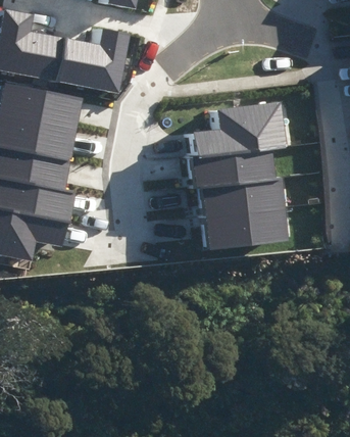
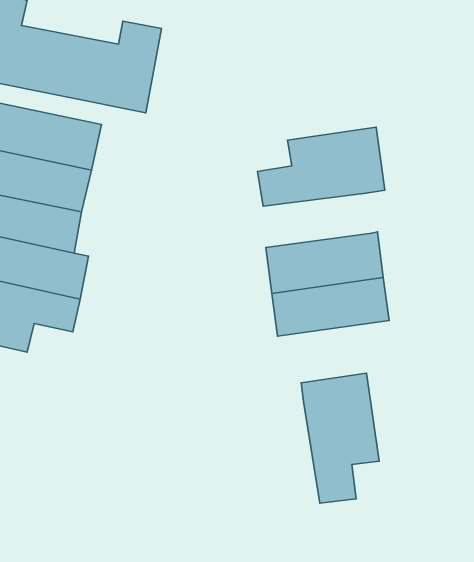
building: [191,148,276,188] -> none
building: none -> [301,373,379,503]

